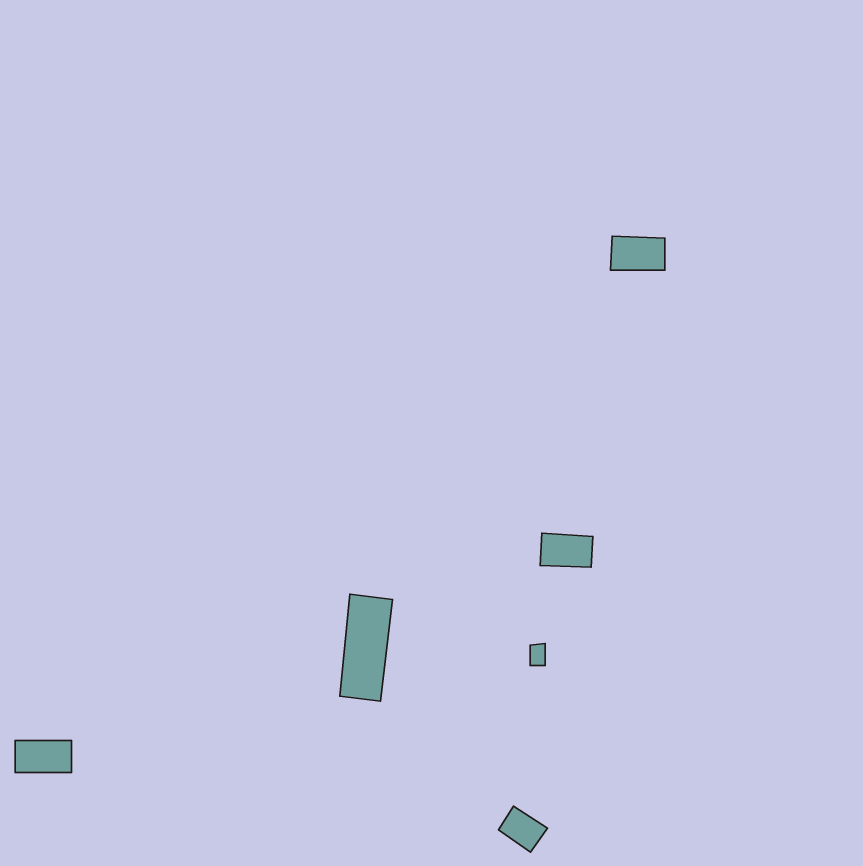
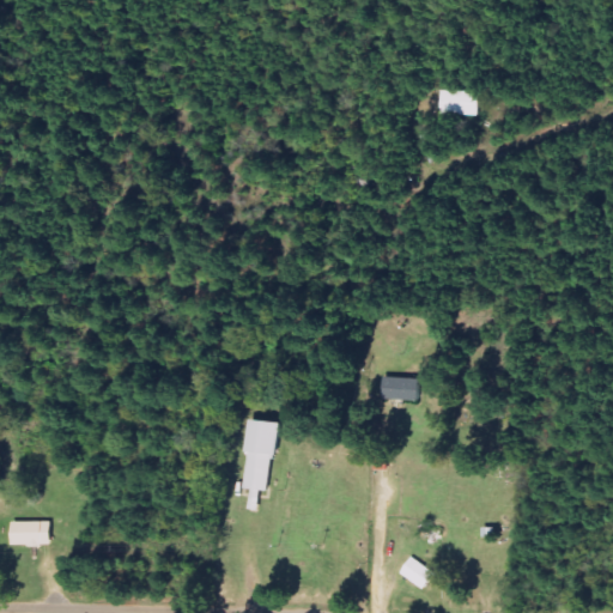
building: [610,236,665,270] -> [437,91,475,115]
building: [498,806,548,852] -> [399,557,433,589]

